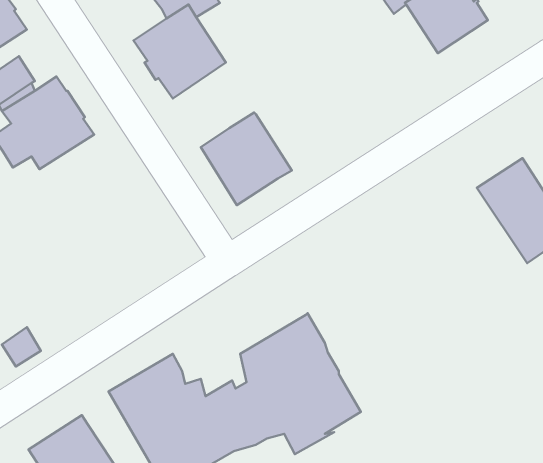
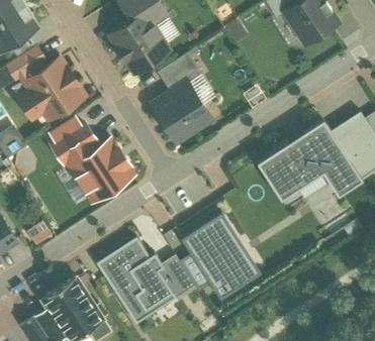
building: none -> [158,53,203,93]
building: none -> [41,116,131,206]
building: none -> [258,119,364,200]

